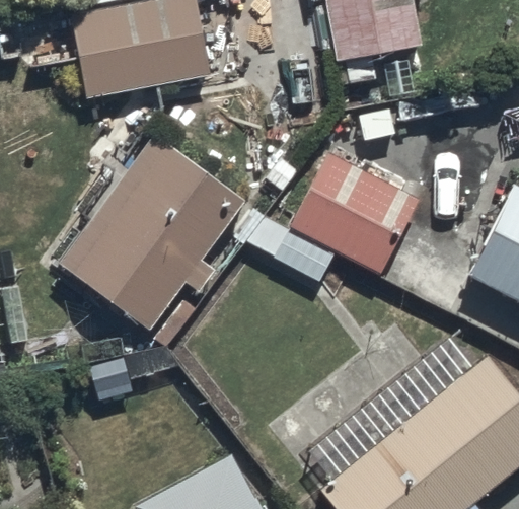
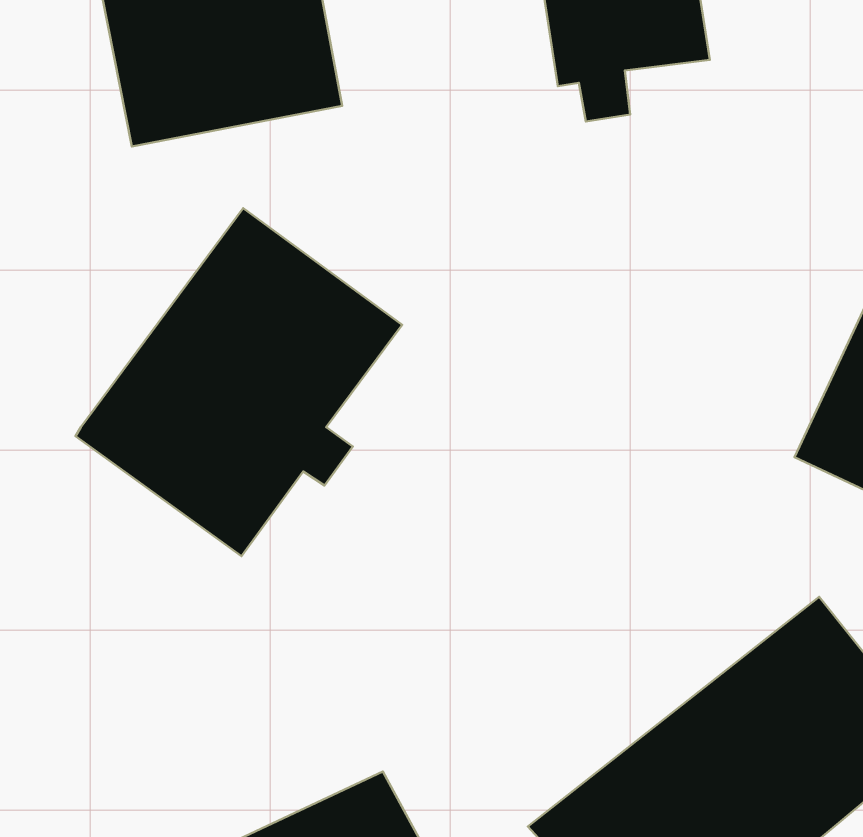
building: [240,150,418,281] -> none

